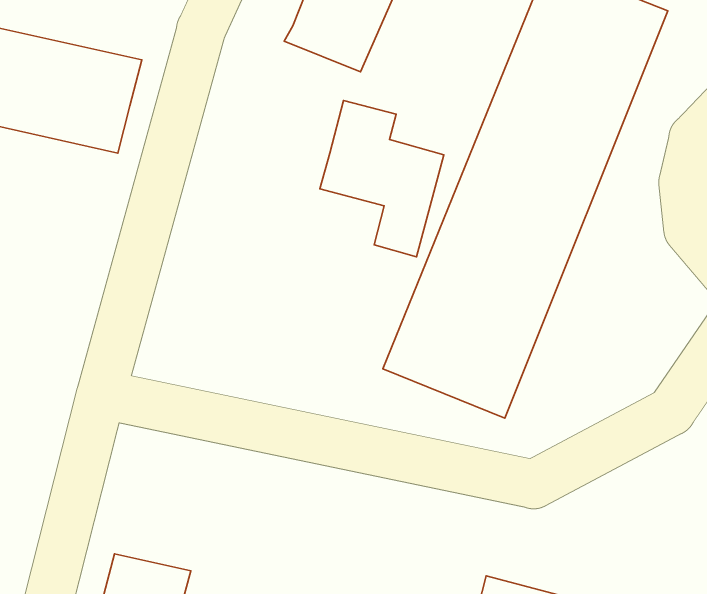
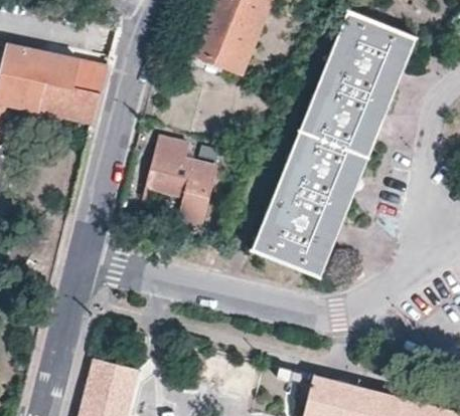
building: [320,101,444,257] -> [143,135,216,227]

